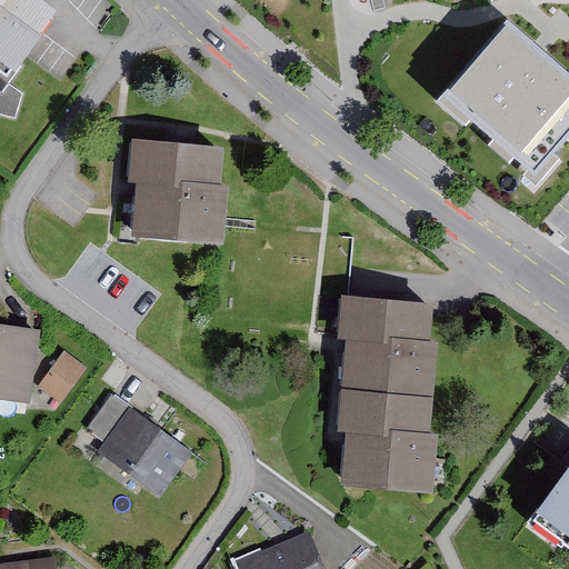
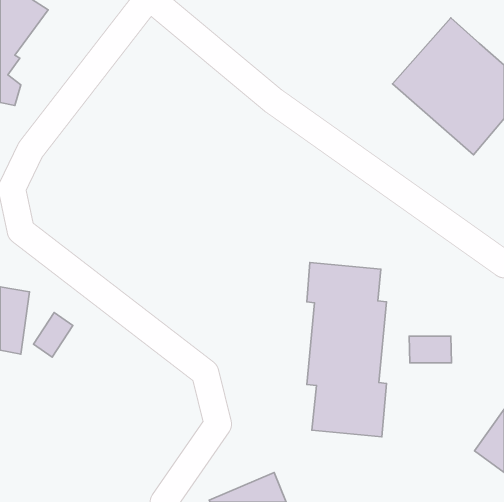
building: [126,140,227,241] -> none
building: none -> [409,336,451,363]
building: [84,392,191,498] -> none

